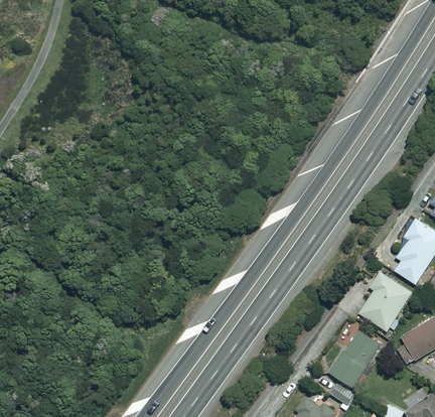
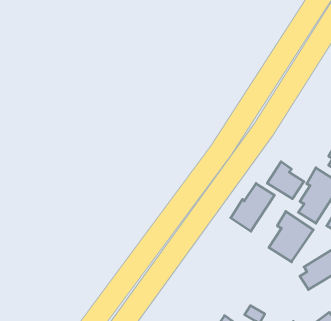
building: none -> [267,162,304,199]
building: [328,330,381,388] -> [231,183,274,231]

